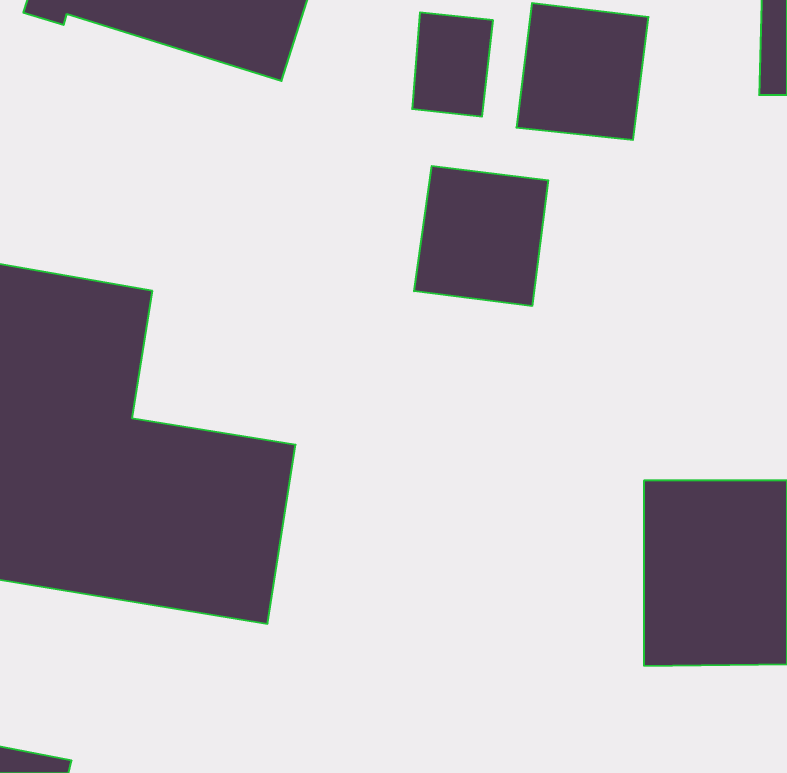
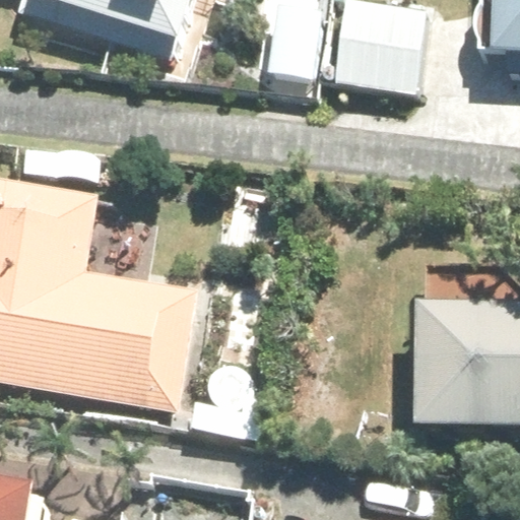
building: [414,166,548,306] -> none

